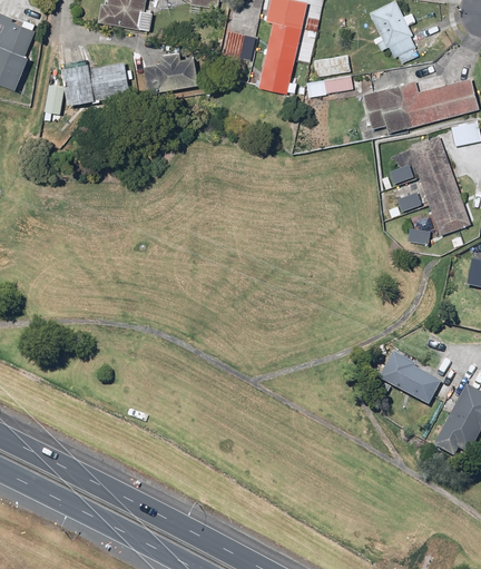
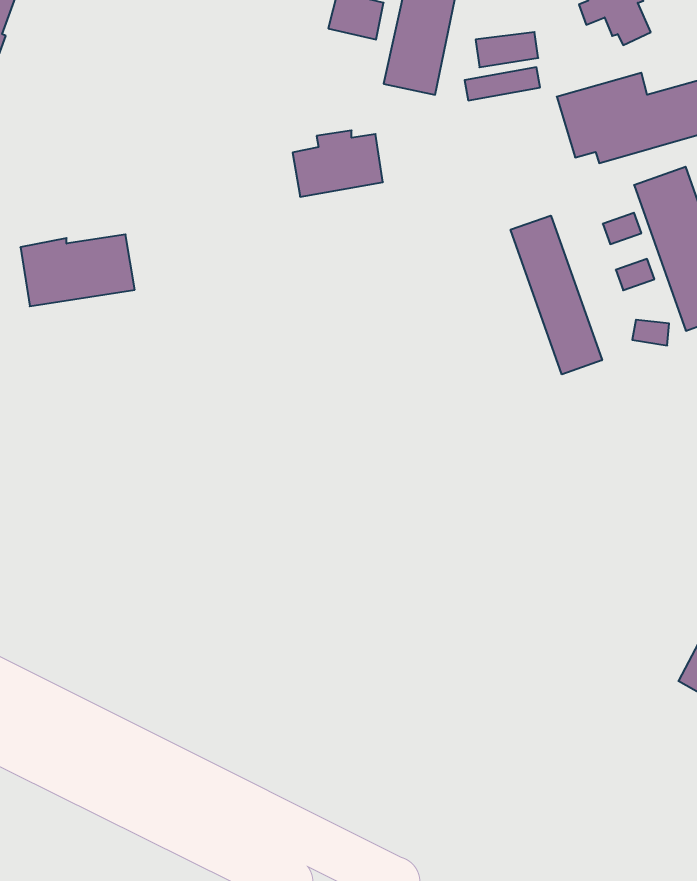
building: [143,53,197,94] -> [293,130,383,197]
building: [60,61,129,105] -> [20,234,135,306]
building: none -> [511,216,602,374]
building: [377,350,439,403] -> none

